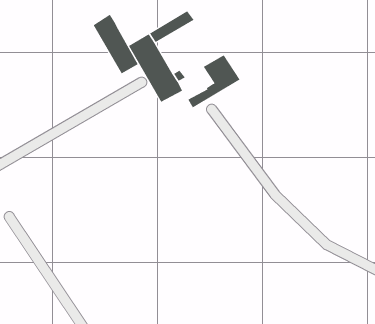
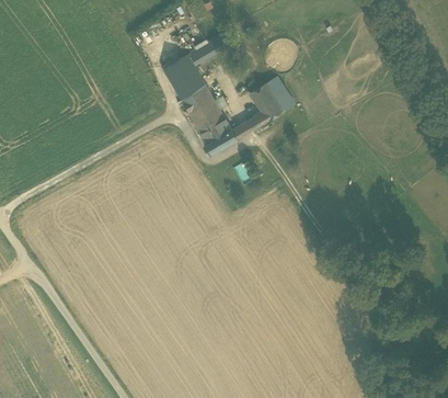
building: [93,14,139,74] -> none
building: none -> [199,118,236,153]

